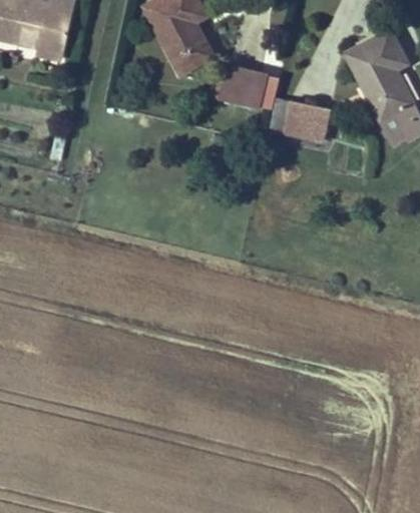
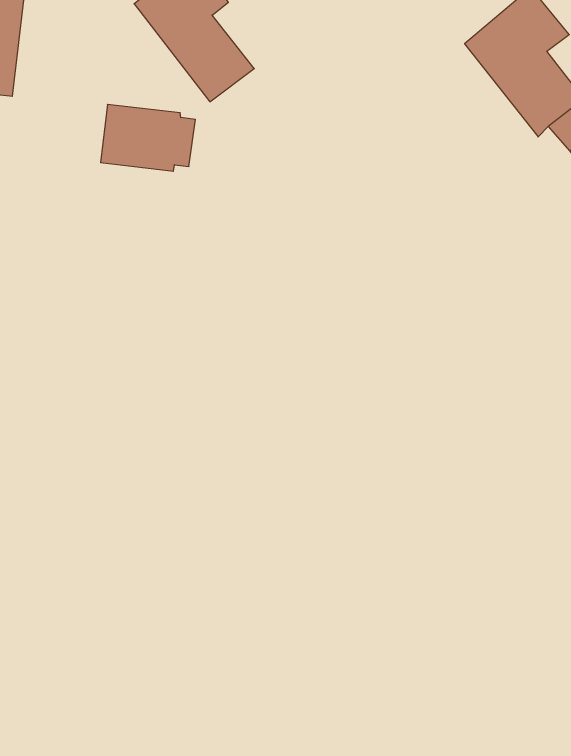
building: [213,63,275,109] -> [101,104,195,171]
building: [271,98,328,137] -> none

